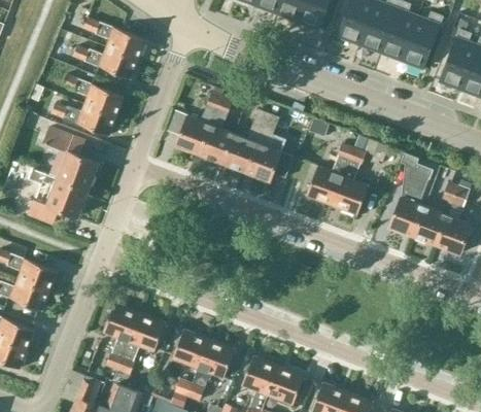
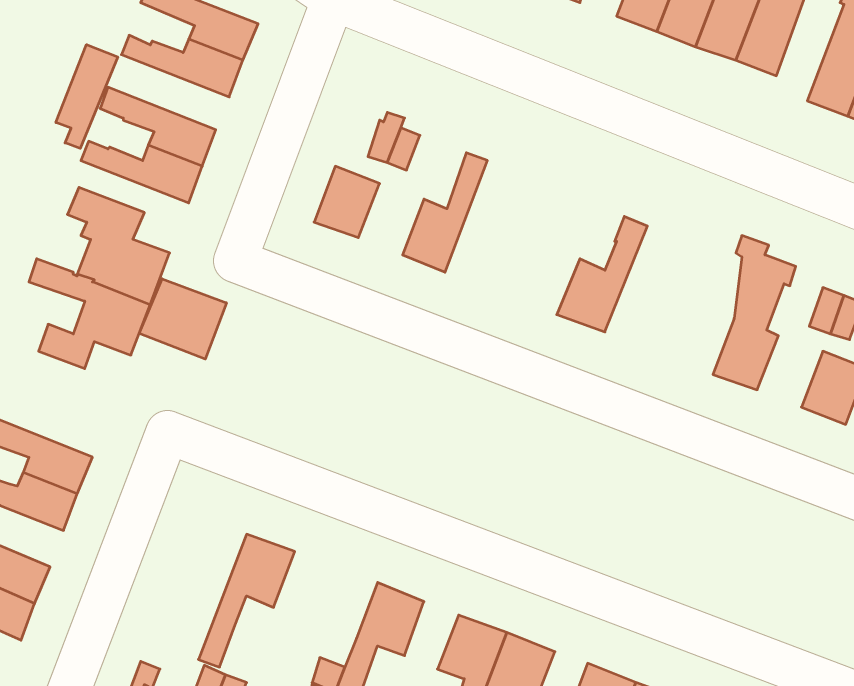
building: none -> [56,45,118,148]
building: [245,112,293,180] -> none
building: [199,125,234,163] -> none
building: [331,147,368,214] -> none
building: none -> [139,279,226,359]
building: [412,206,447,244] -> none
building: [102,302,139,379] -> none
building: [172,329,209,368] -> none

